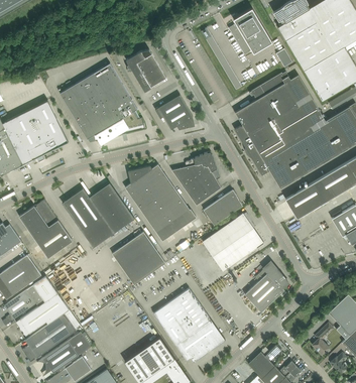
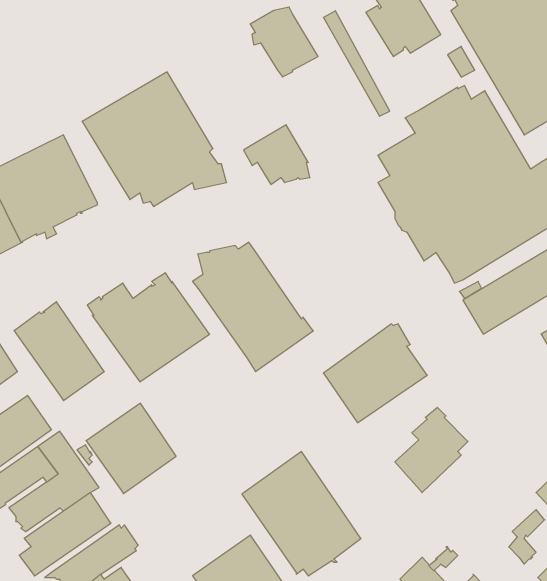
building: [126,49,166,91] -> [250,7,318,77]
building: [172,151,222,206] -> none
building: [204,189,243,225] -> none
building: [112,232,165,285] -> [86,403,176,494]

